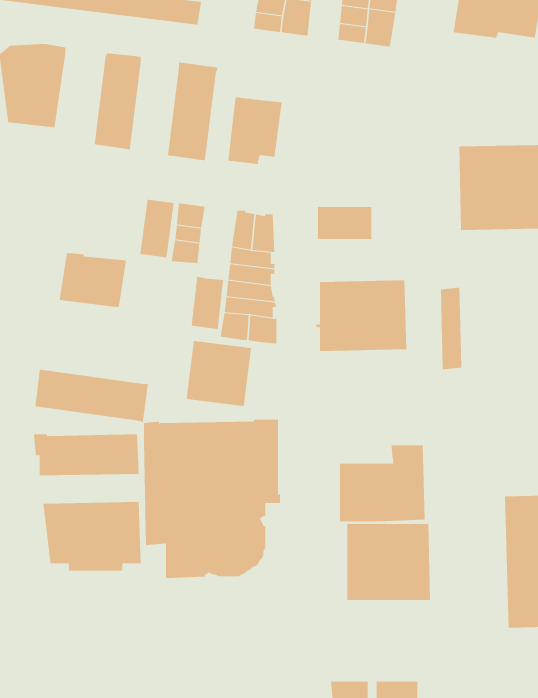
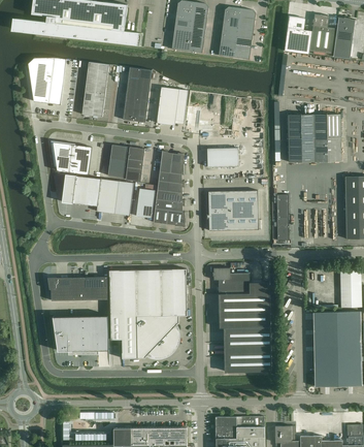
building: none -> [51,141,92,174]
building: [186,341,252,406] -> [96,179,133,216]
building: [35,369,148,423] -> none
building: none -> [212,267,250,293]

